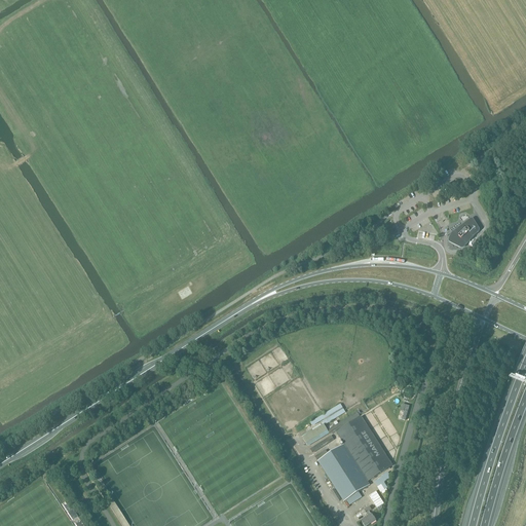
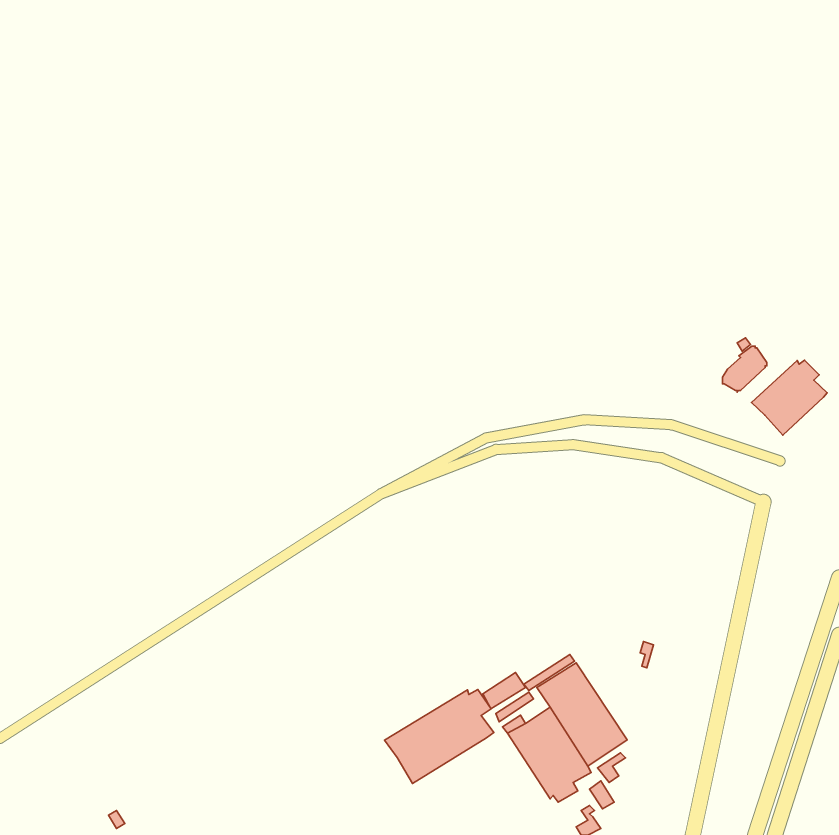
building: none -> [751,360,827,435]
building: none -> [384,690,494,784]

